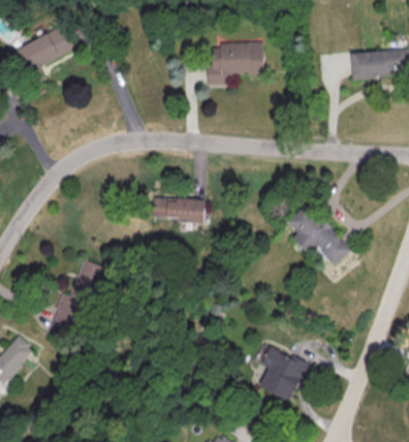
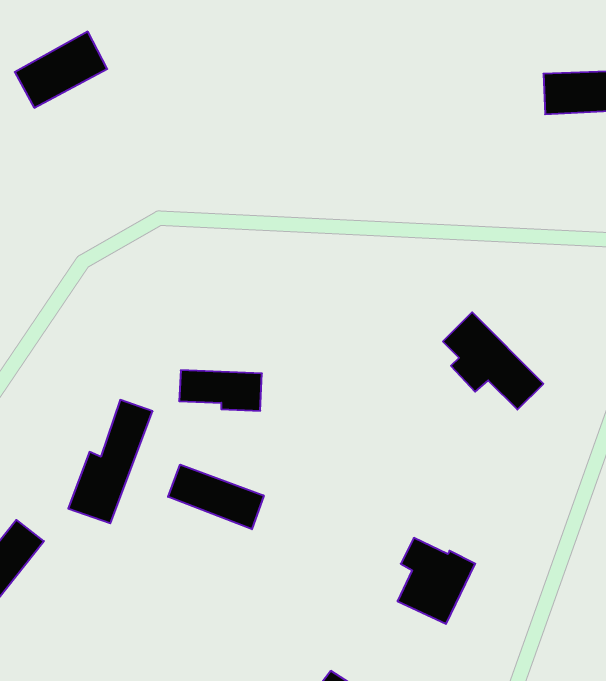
building: [207,42,263,85] -> none
building: [152,197,205,223] -> [179,370,262,411]
building: none -> [168,465,264,529]

